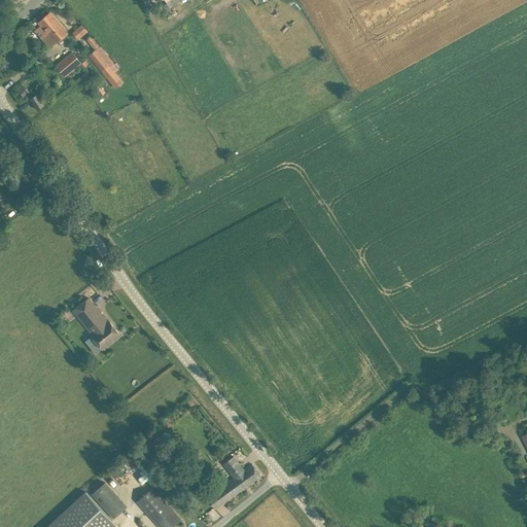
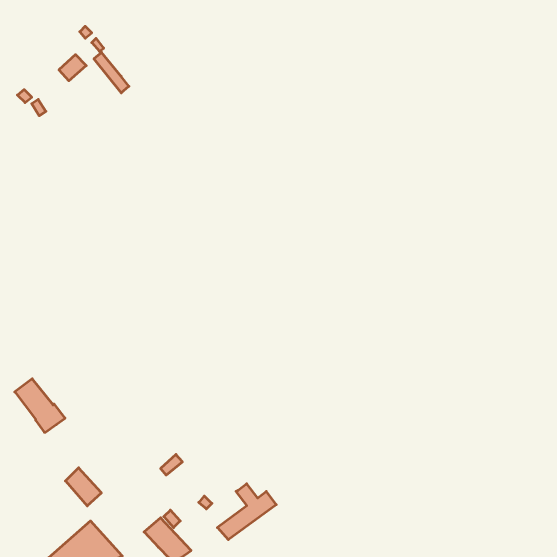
building: [34,13,66,48] -> none
building: [72,298,119,349] -> [15,379,65,432]
building: [92,483,126,519] -> [65,468,101,506]

